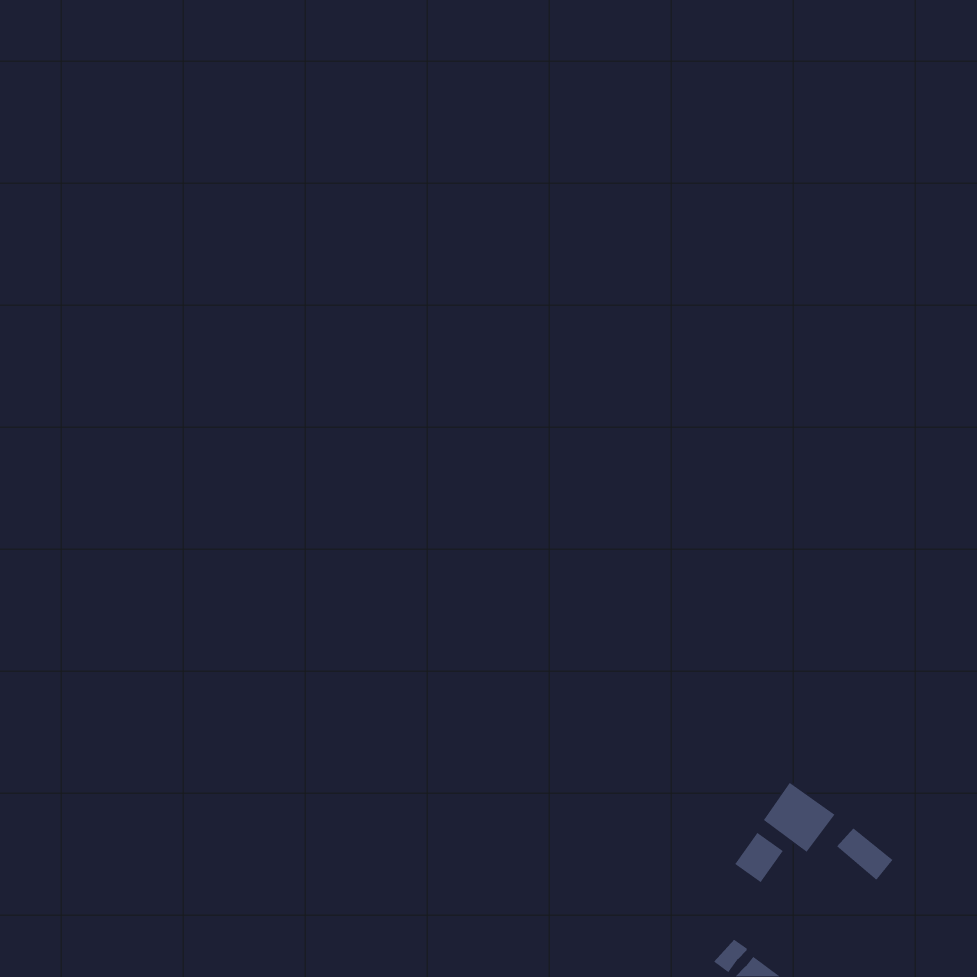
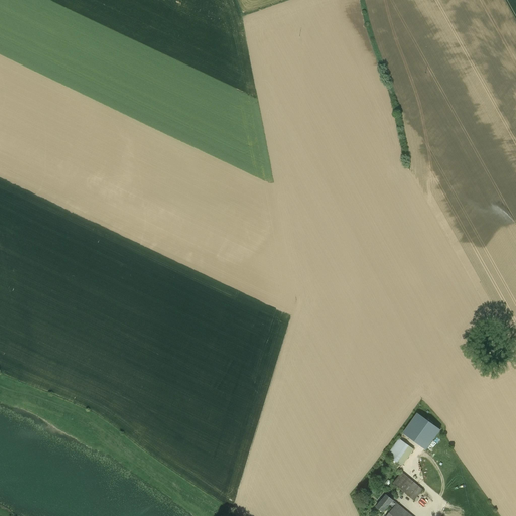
building: [836,827,894,881] -> [393,473,423,501]

